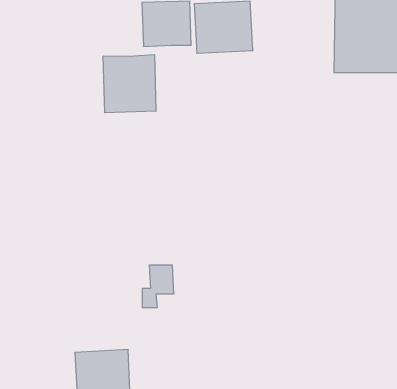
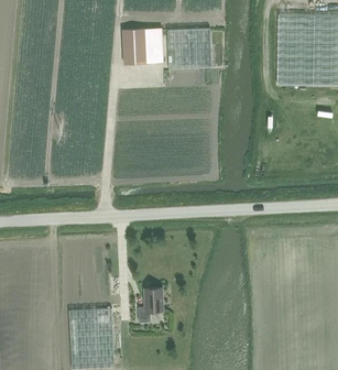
building: [103,55,156,113] -> none
building: [142,265,174,308] -> [138,287,163,322]

